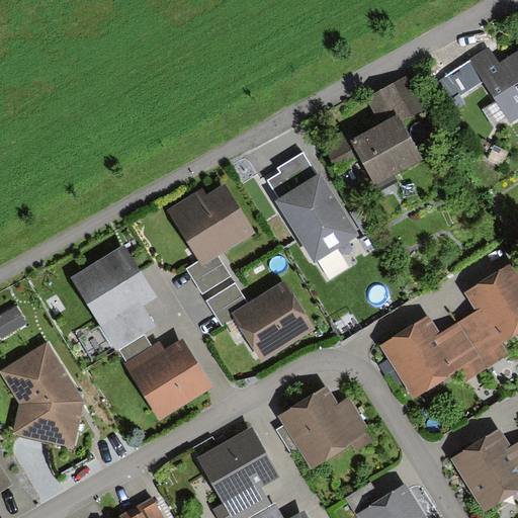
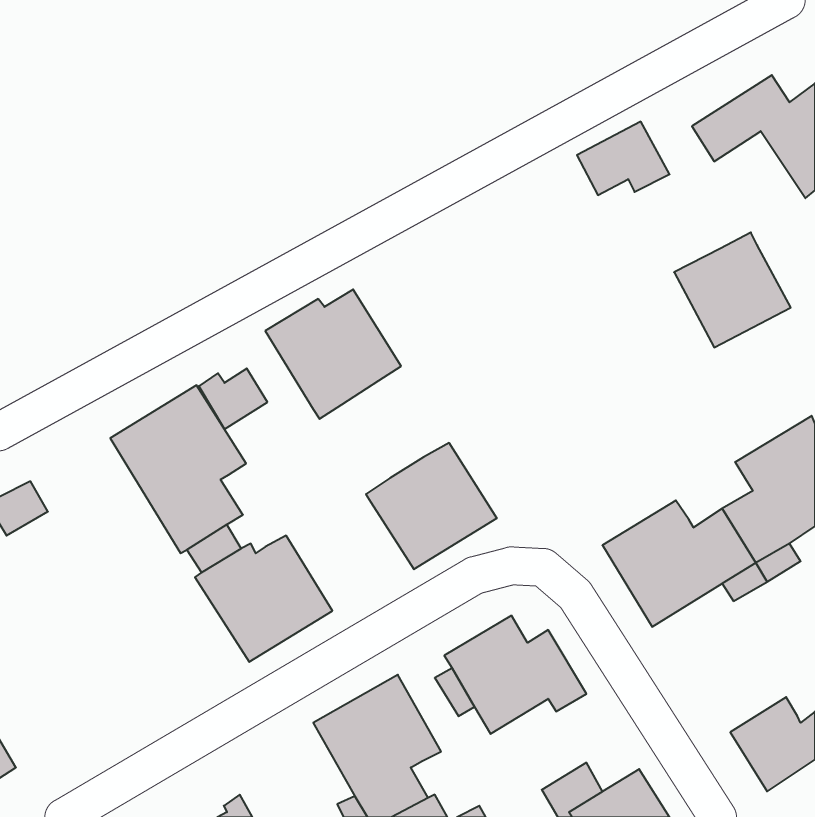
building: [349,113,423,186] -> [674,232,791,347]
building: [267,153,356,281] -> none
building: [186,256,230,294] -> [199,368,267,429]
building: [206,282,247,325] -> none
building: [5,348,79,439] -> none

